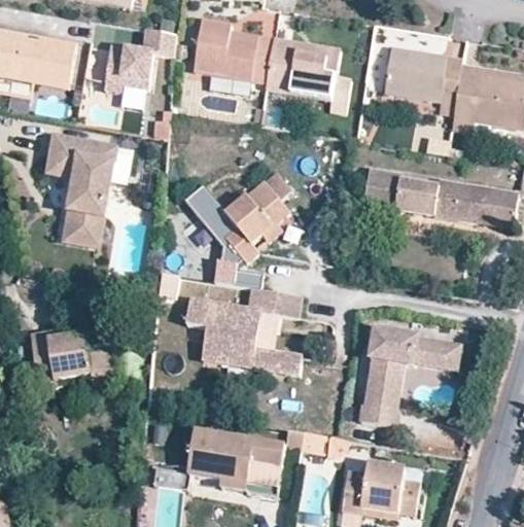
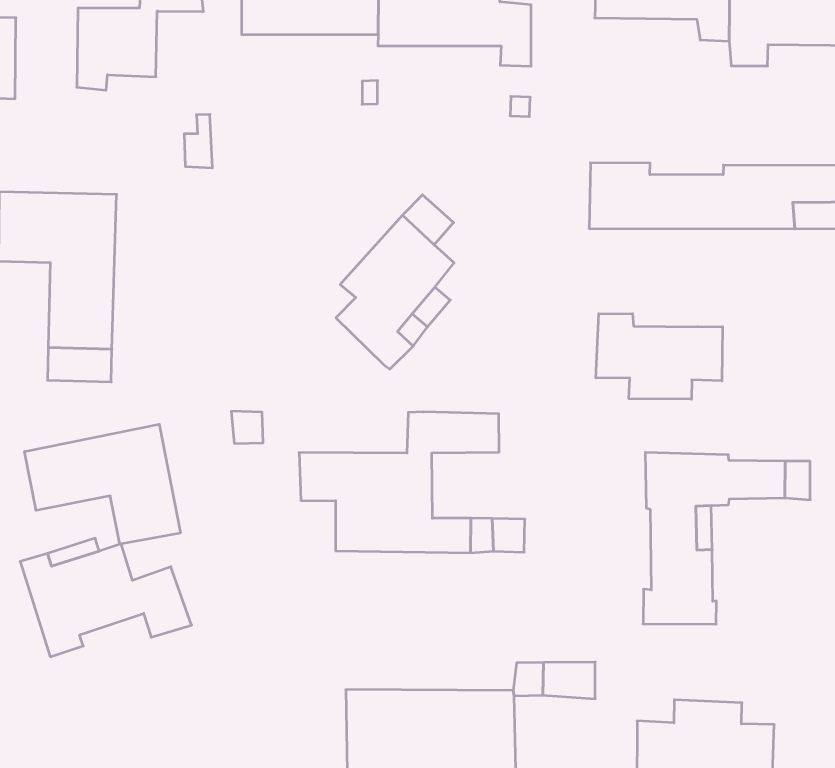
building: [183,182,263,287] -> none
building: none -> [596,314,723,399]
building: none -> [25,424,180,544]

